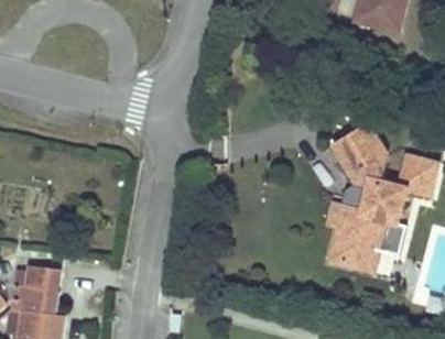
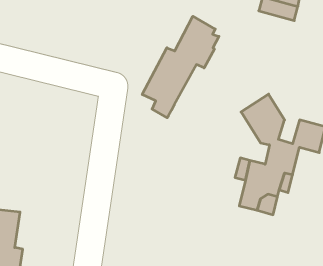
building: none -> [142,16,219,118]

